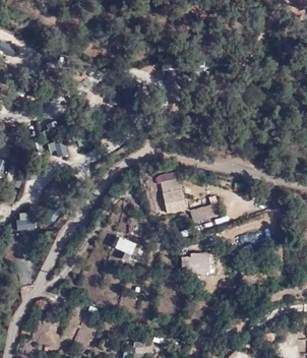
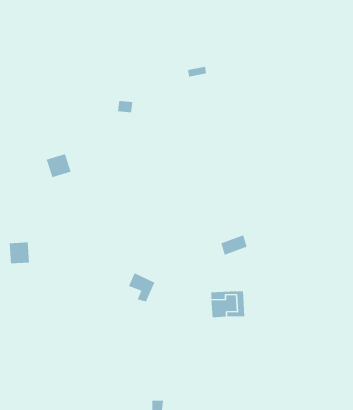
building: [161,179,186,214] -> none

